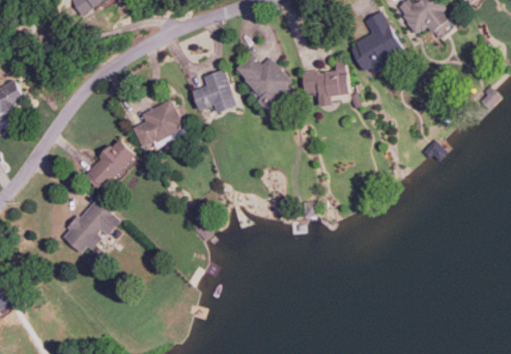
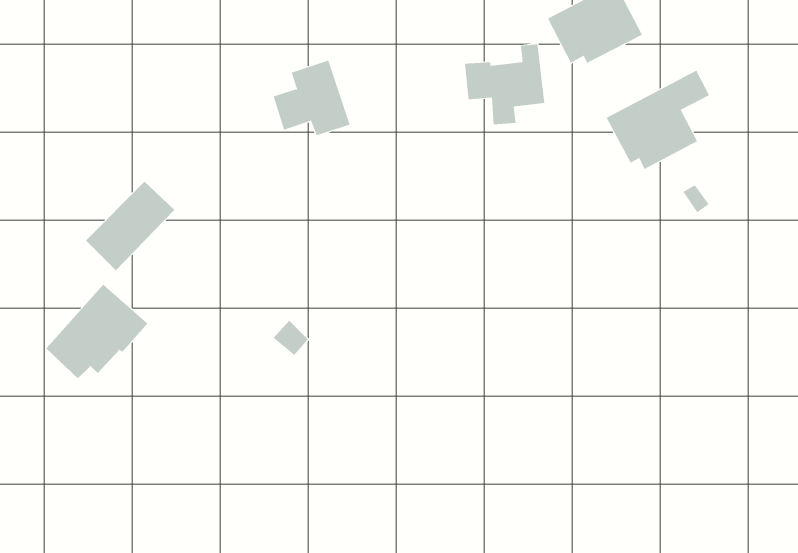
building: [235,54,296,113] -> none
building: none -> [606,70,710,170]
building: [133,100,183,147] -> none

